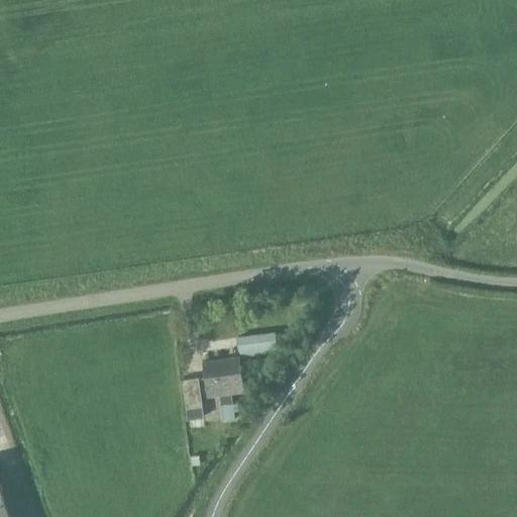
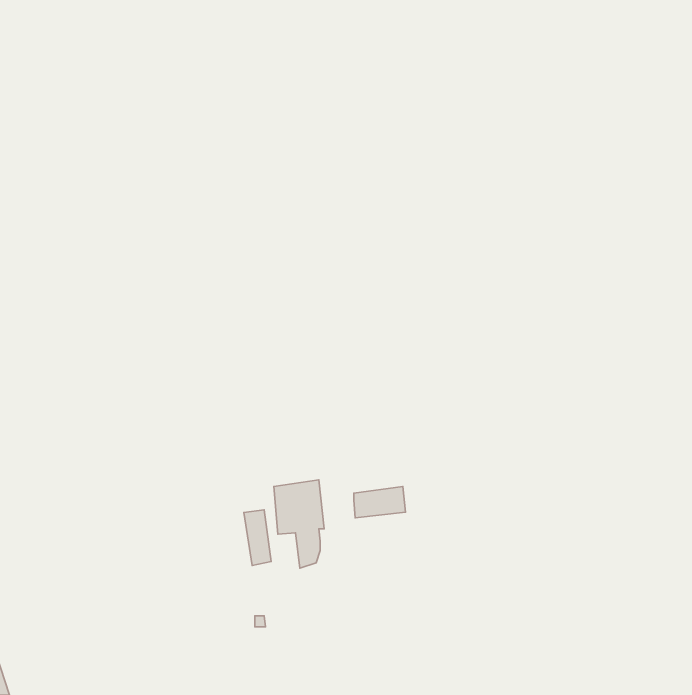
building: [237,333,276,356] -> [354,486,406,518]

